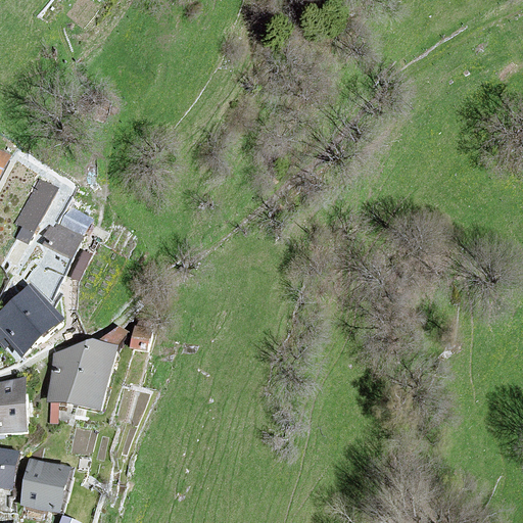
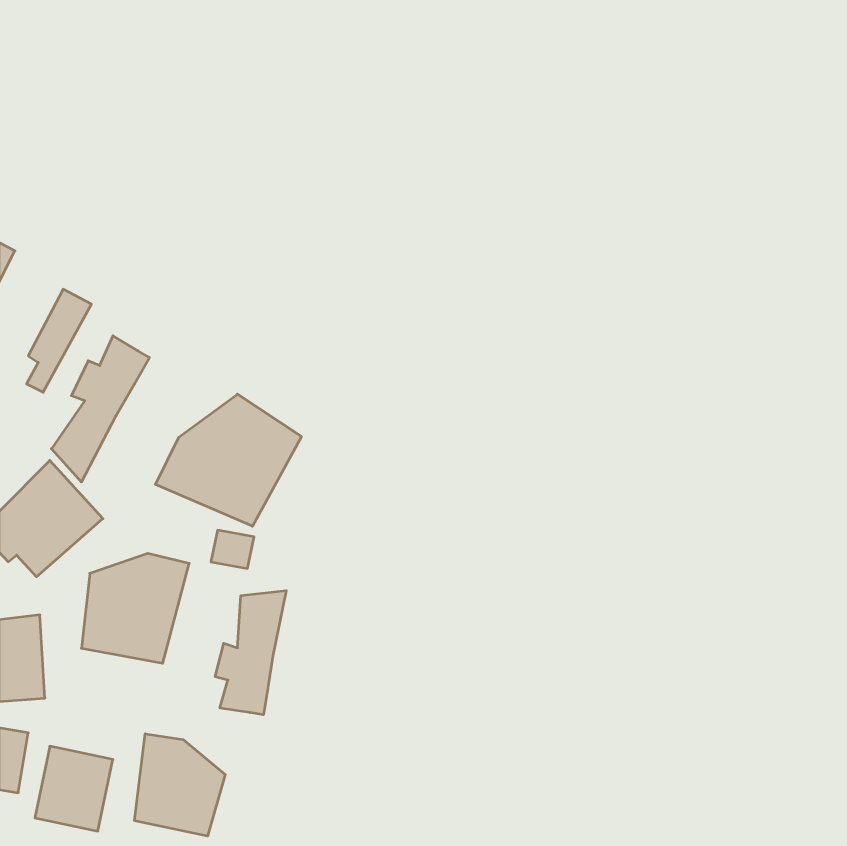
building: none -> [156,394,301,526]
building: none -> [215,591,286,715]
building: none -> [135,734,225,836]

